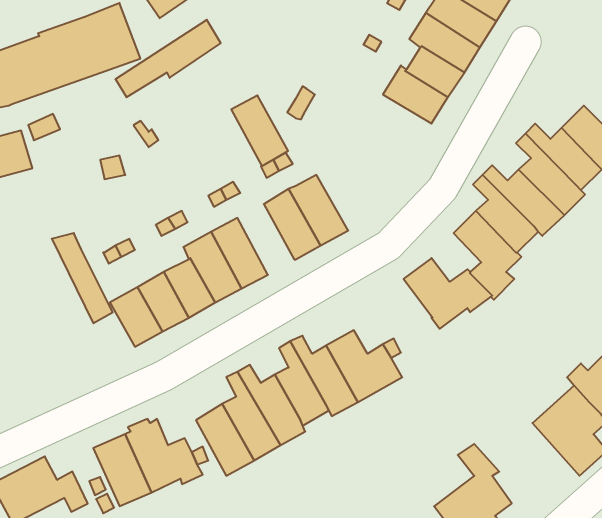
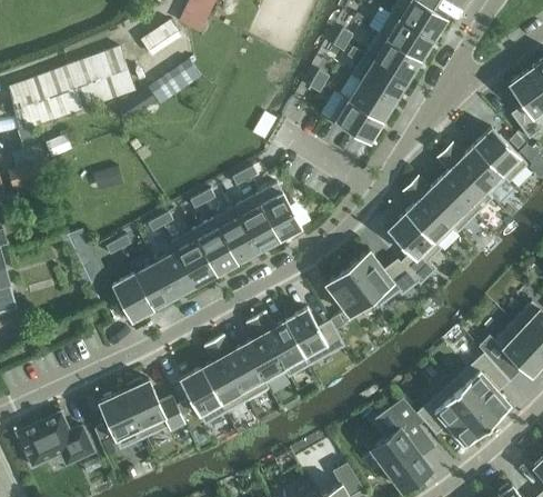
building: [231,95,288,166] -> [213,207,259,264]
building: none -> [324,267,370,315]
building: none -> [415,382,487,446]

